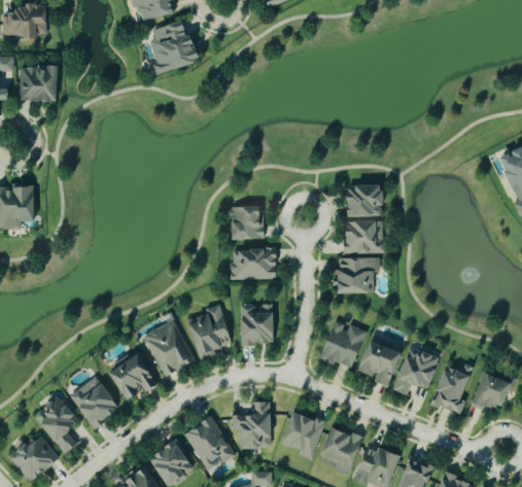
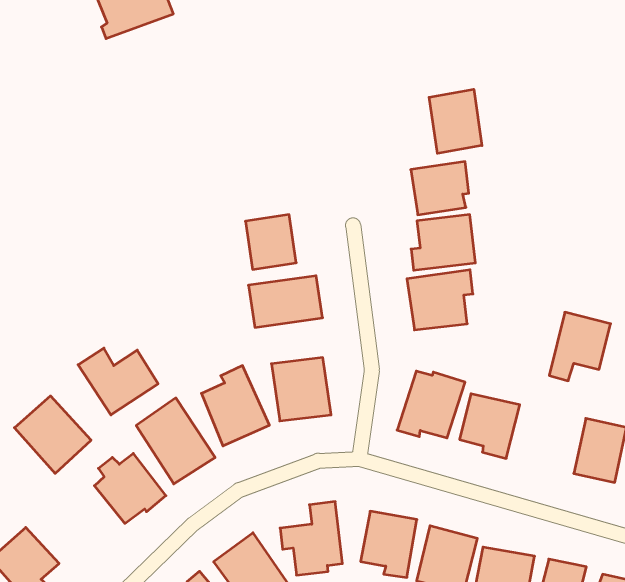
building: none -> [429,89,482,153]
building: none -> [78,348,158,415]
building: [393,349,439,395] -> [549,312,611,381]
building: [68,376,118,428] -> [14,396,91,473]

